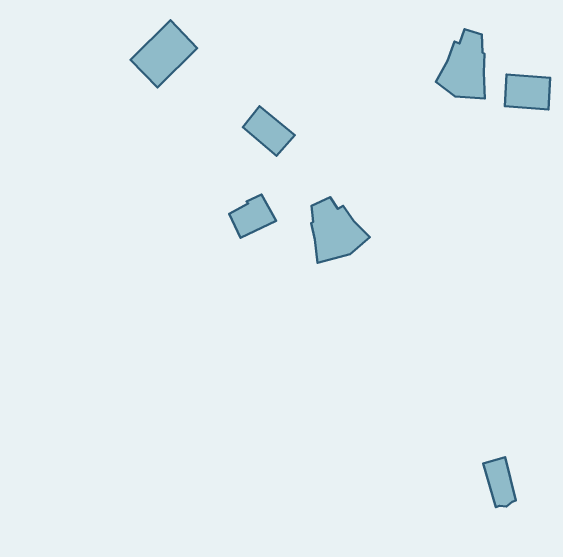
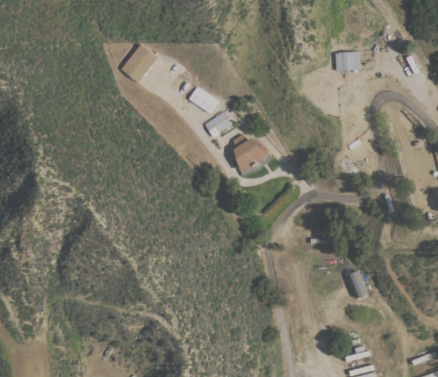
building: [436,29,485,99] -> none
building: [229,195,276,238] -> [205,111,232,137]

